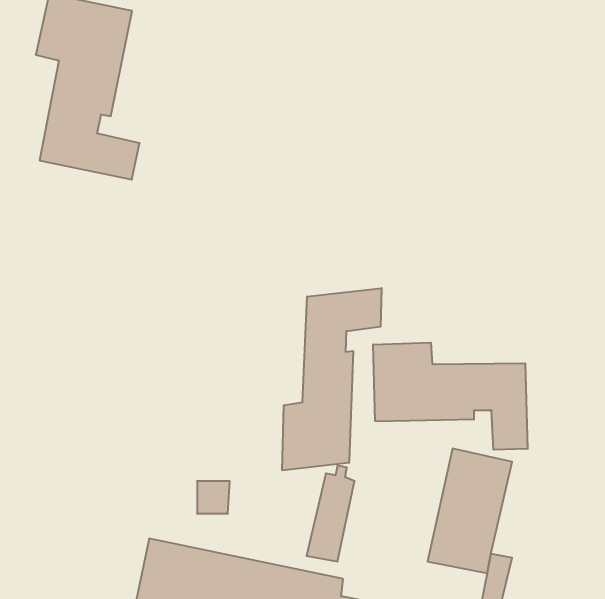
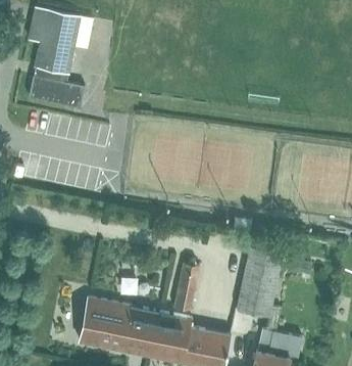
building: [282,288,382,470] -> none
building: [373,343,528,450] -> none

